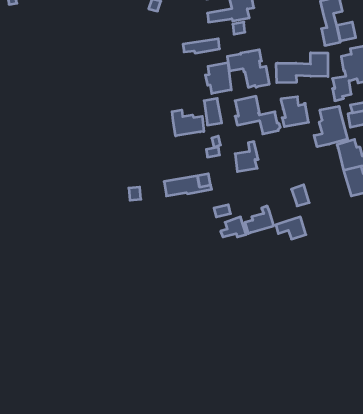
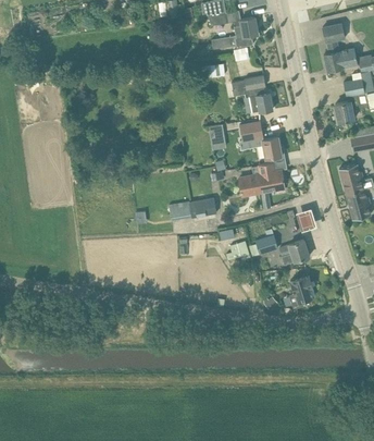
building: [276,53,328,83] -> none
building: [205,62,231,94] -> none
building: [281,97,309,127] -> [258,162,285,192]
building: [314,106,348,147] -> none
building: [172,110,204,136] -> none
building: none -> [290,274,313,305]

